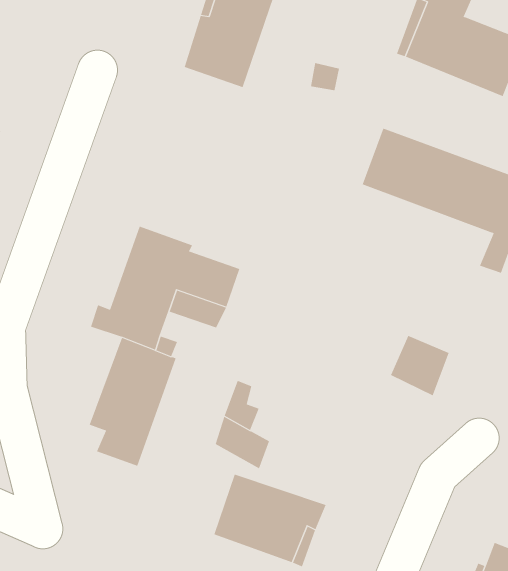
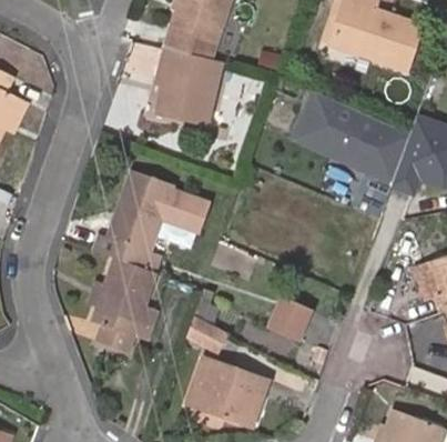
building: none -> [148,53,219,137]
building: [390,335,449,396] -> [268,298,313,343]

